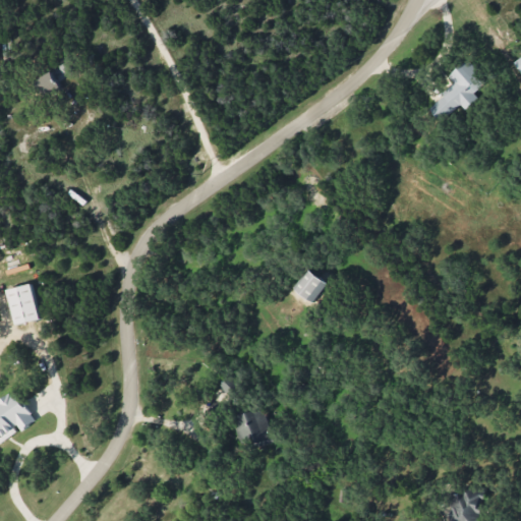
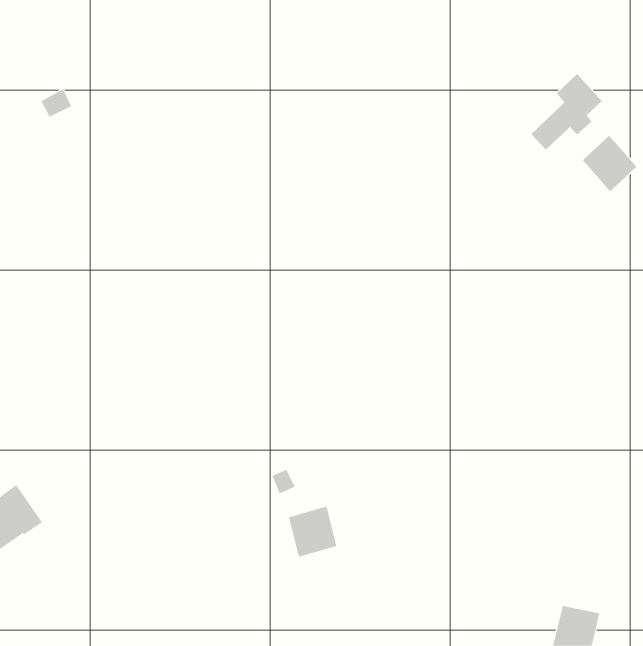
building: none -> [582,135,637,192]
building: [295,271,327,302] -> none
building: [6,283,39,325] -> none

